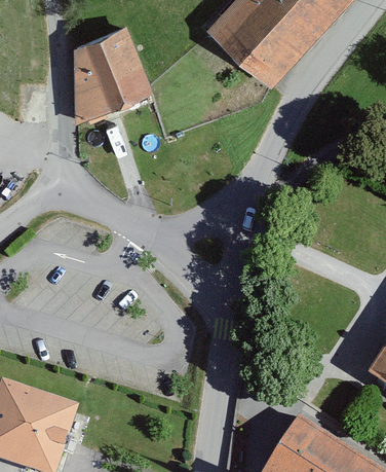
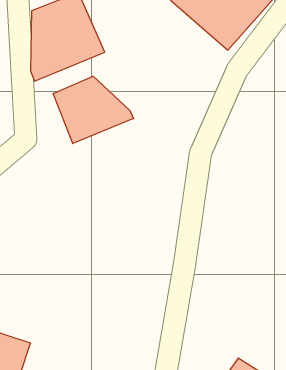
building: none -> [53,76,134,144]

